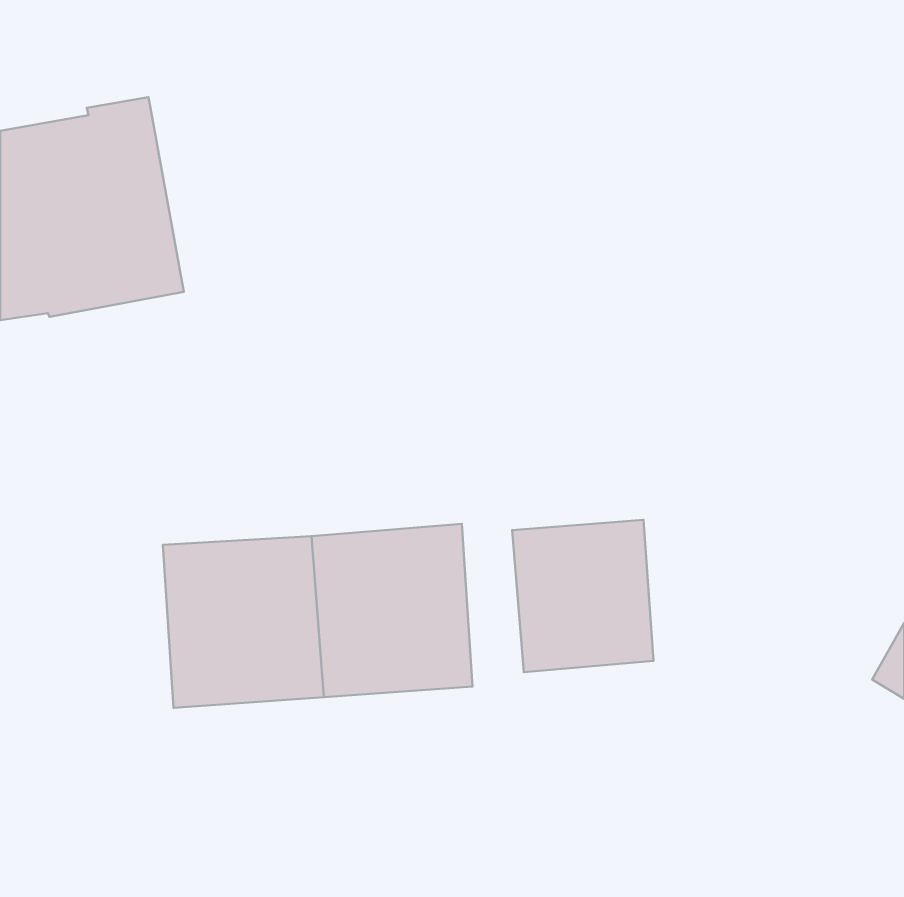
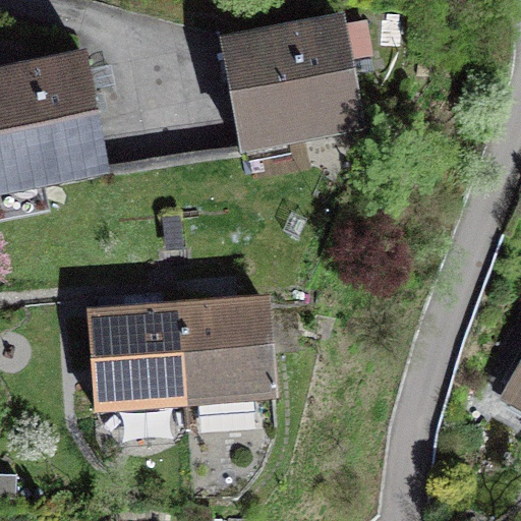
building: none -> [225,23,359,146]
building: [512,520,653,672] -> none

